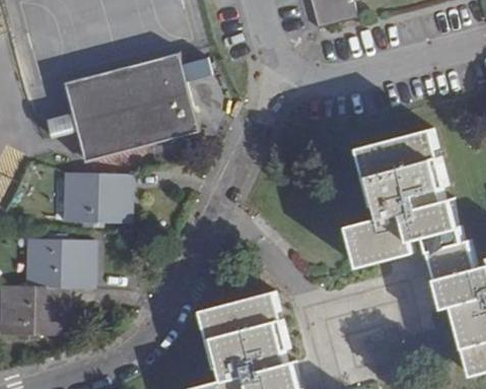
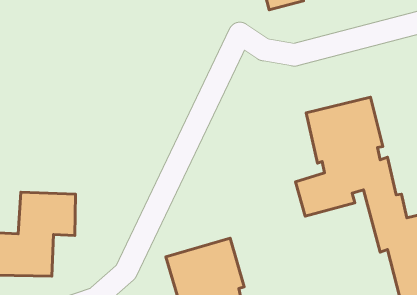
building: [48,52,216,158] -> none
building: [64,172,128,221] -> none

